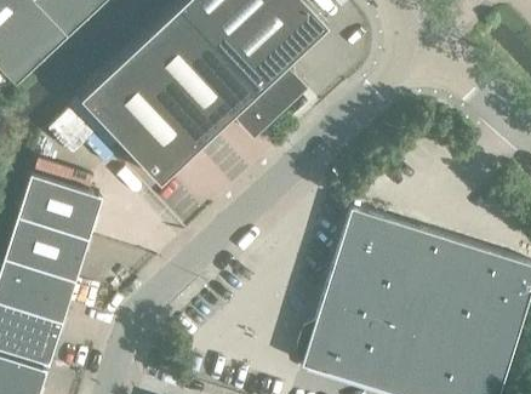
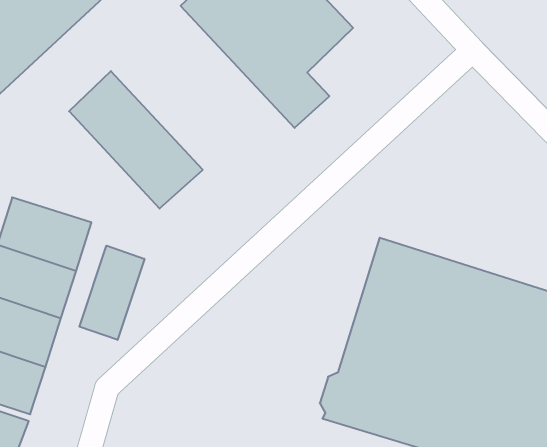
building: [116,7,276,150] -> none
building: none -> [79,246,144,340]

